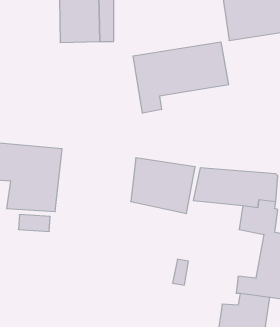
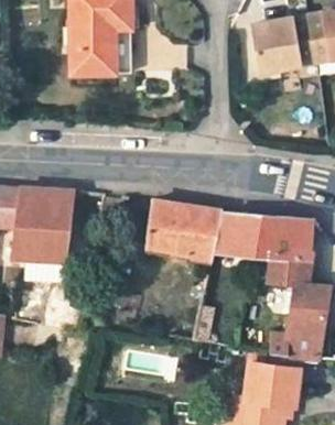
building: [133,42,228,113] -> none

